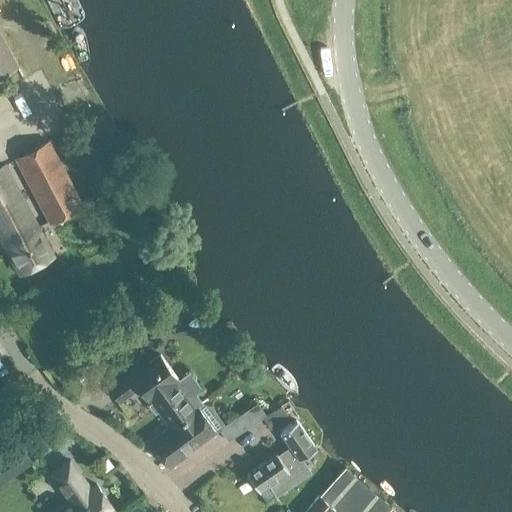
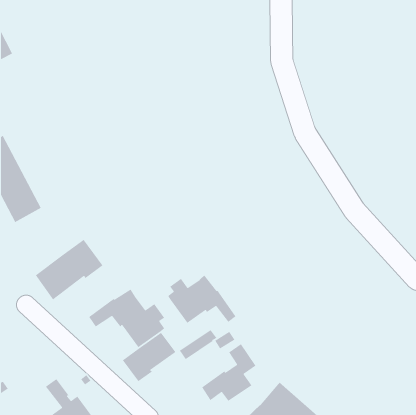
building: [16,144,83,225] -> none
building: none -> [35,239,103,300]
building: none -> [167,274,237,324]

